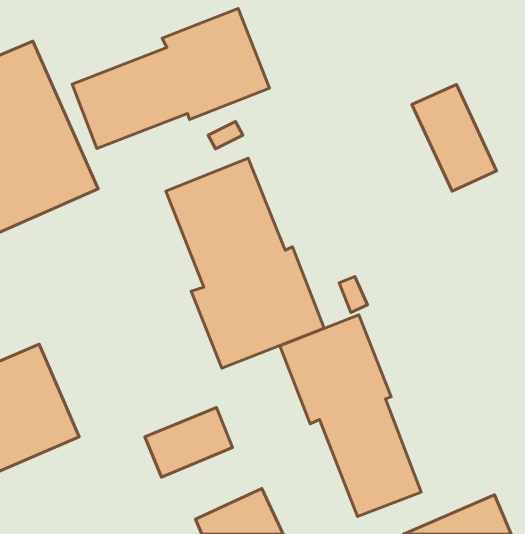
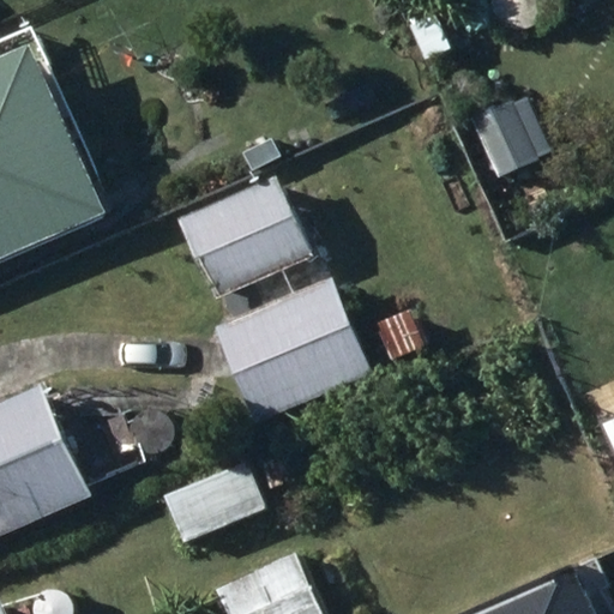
building: [72,9,269,148] -> none
building: [280,315,421,517] -> none

